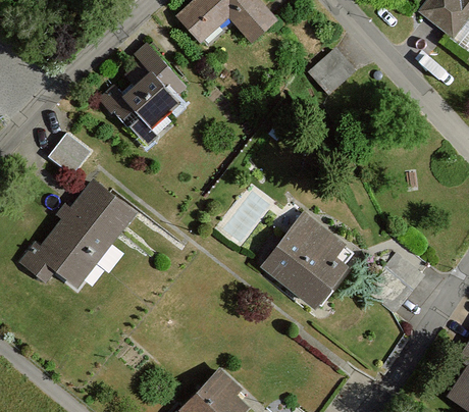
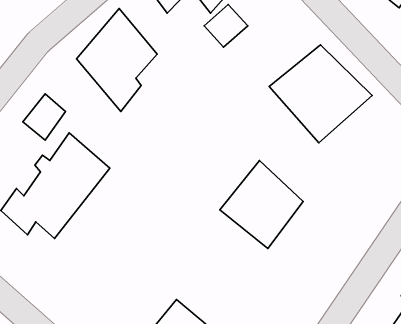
building: [311,45,359,92] -> [204,5,248,47]
building: none -> [269,45,372,143]

